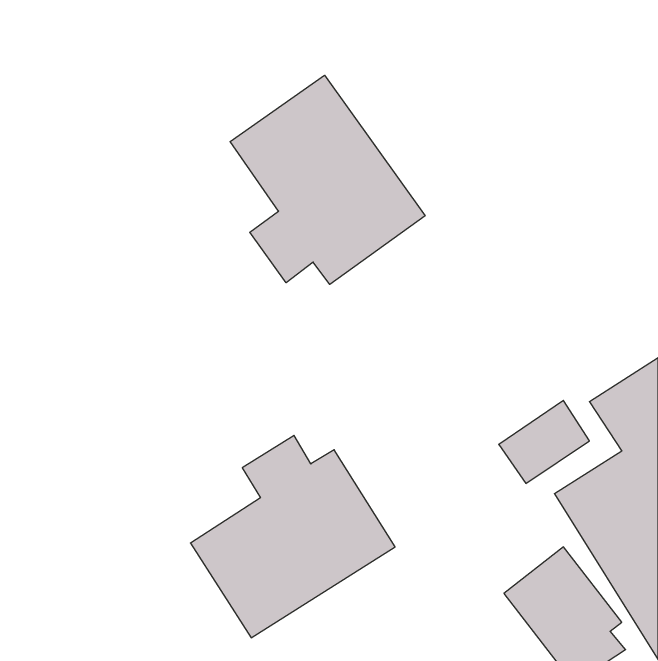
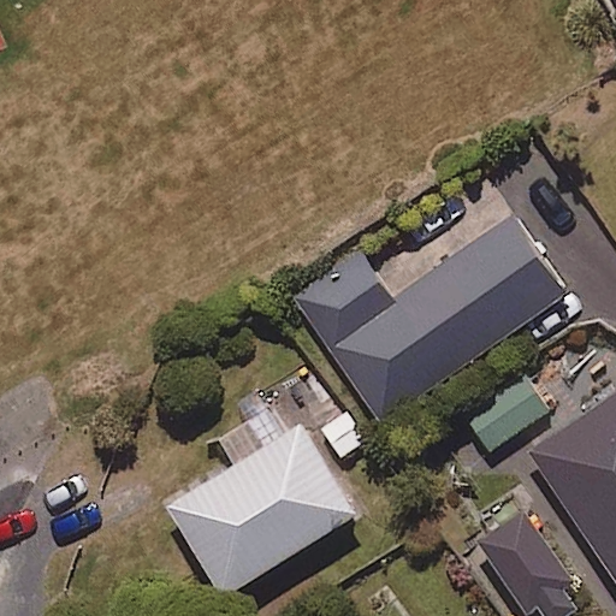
building: [230,75,425,284] -> none
building: none -> [294,213,570,424]

